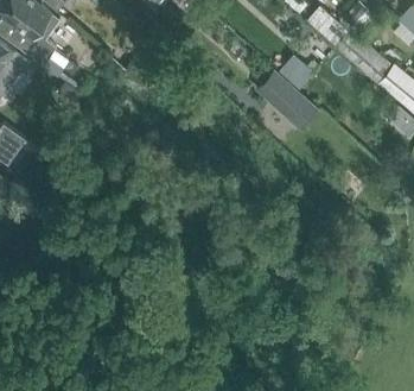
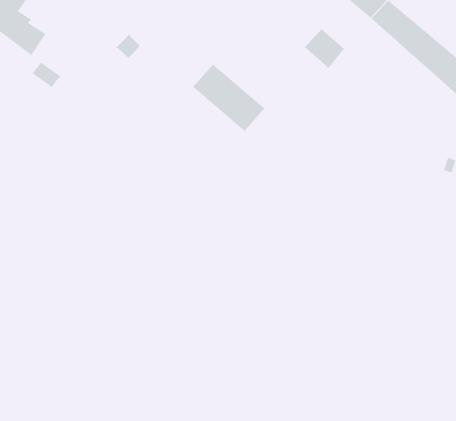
building: [257,70,317,126] -> [193,64,265,132]

